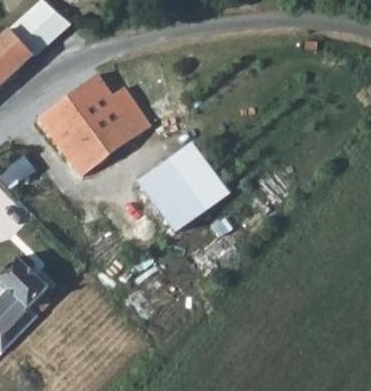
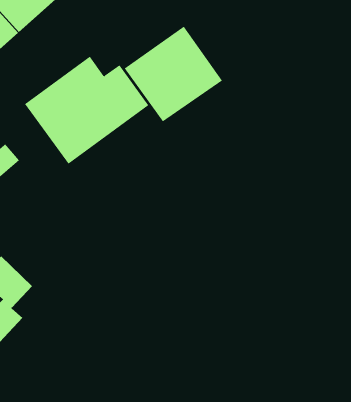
building: [138,142,228,230] -> [124,26,223,122]

